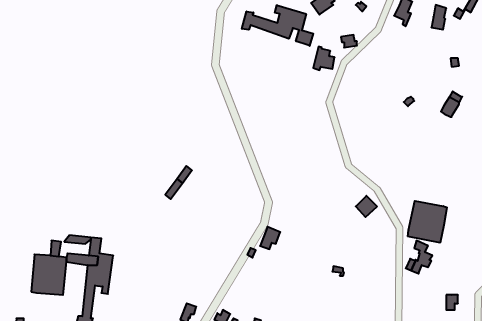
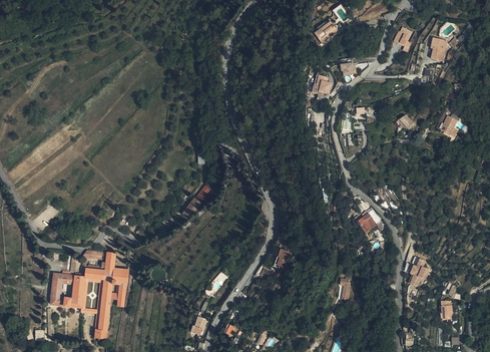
building: [242,5,313,46] -> none
building: [408,201,447,243] -> none

